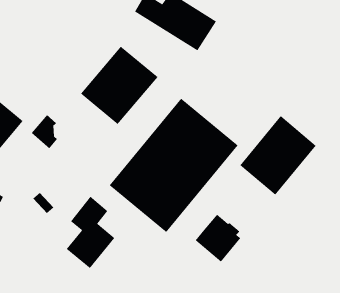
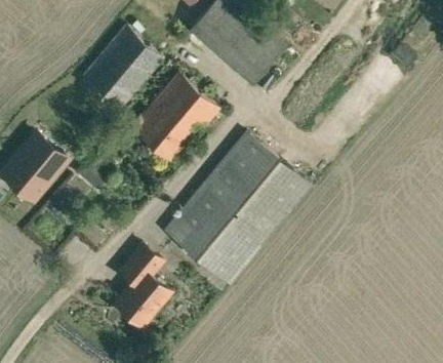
building: none -> [82,26,163,109]
building: [239,115,317,196] -> none
building: [195,214,241,262] -> none

